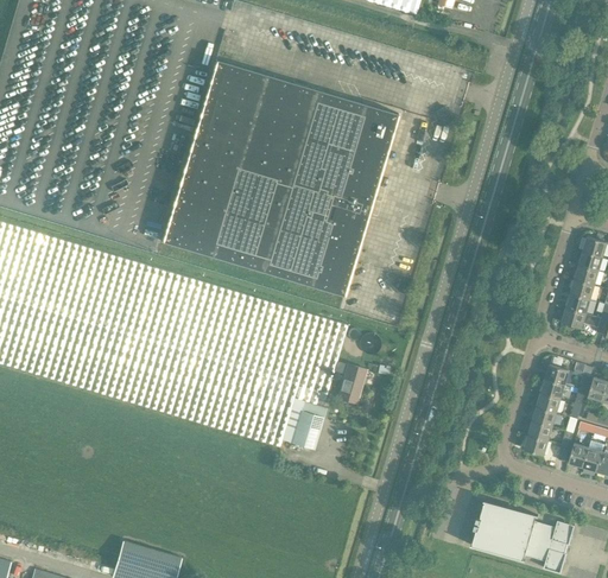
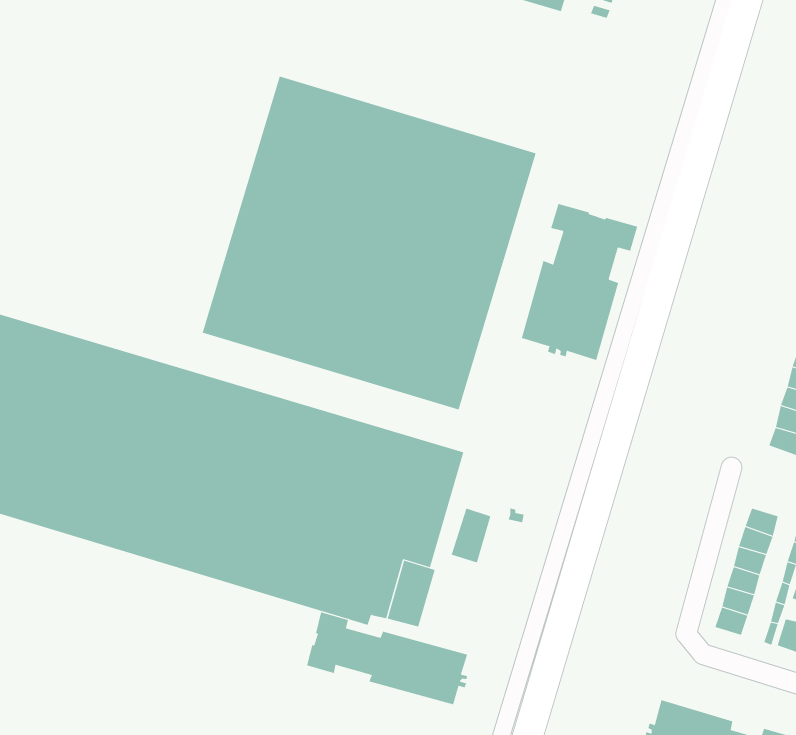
building: none -> [521,203,638,361]
building: none -> [307,612,468,705]

